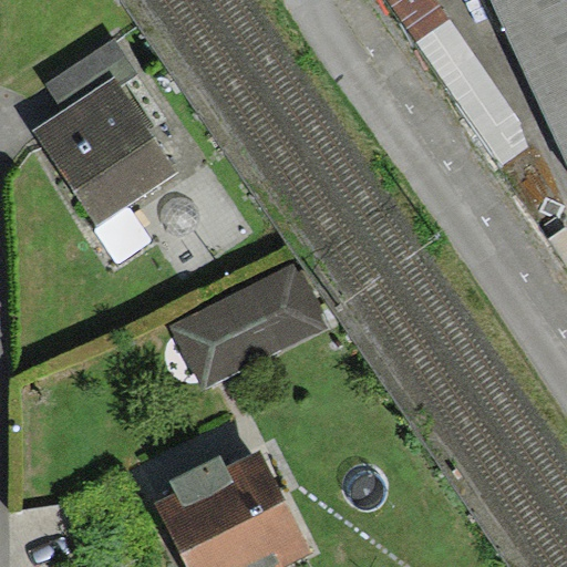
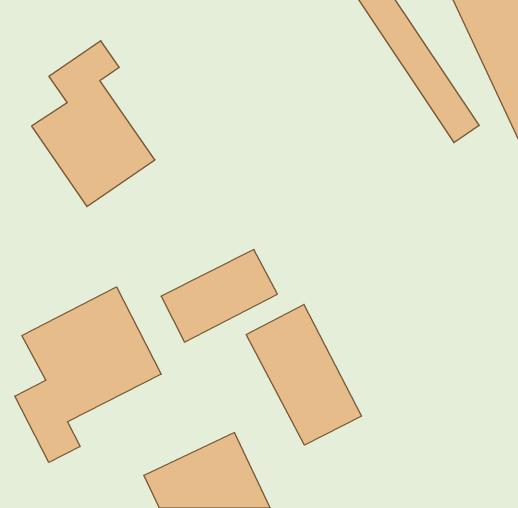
building: none -> [15,287,161,462]
building: none -> [246,304,362,445]

